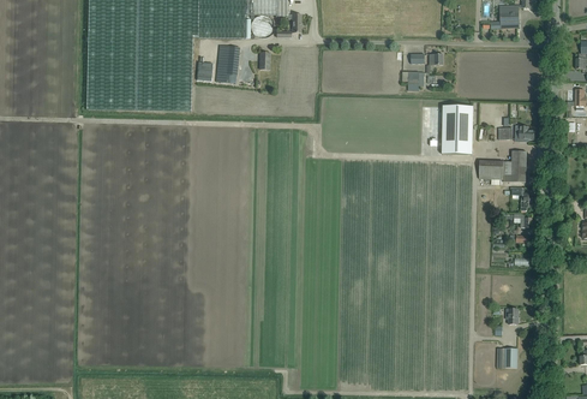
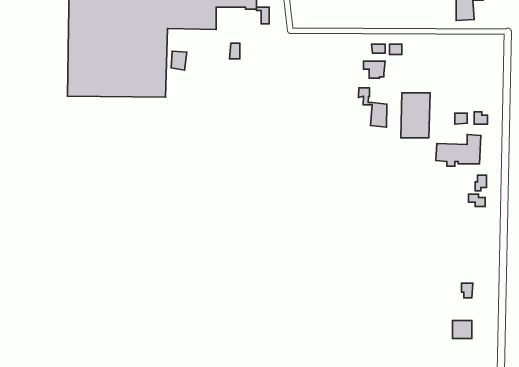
building: [216,44,240,82] -> none
building: none -> [359,88,387,127]

